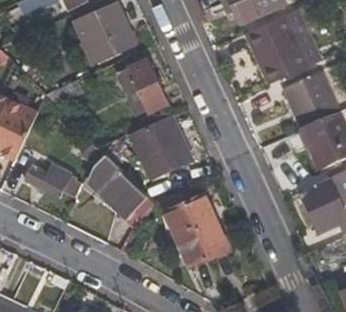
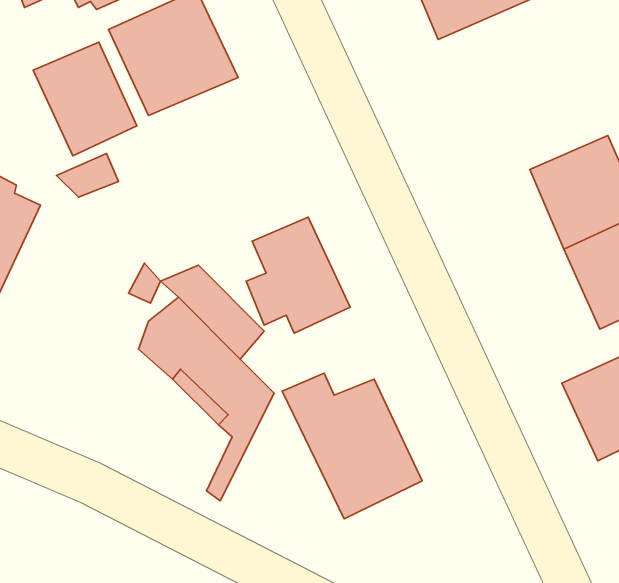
building: [246,13,310,84] -> none
building: [115,59,167,116] -> [33,42,137,156]
building: [24,161,83,197] -> none

